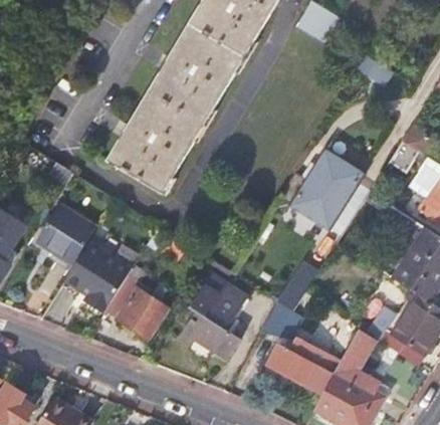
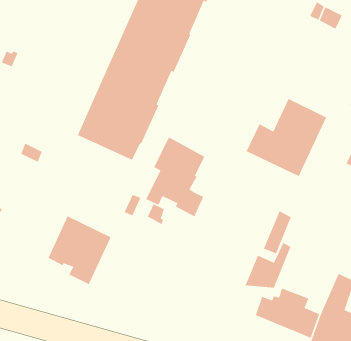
building: [37,207,92,261] -> none
building: [104,268,166,338] -> none
building: [181,273,247,359] -> [145,136,206,217]

